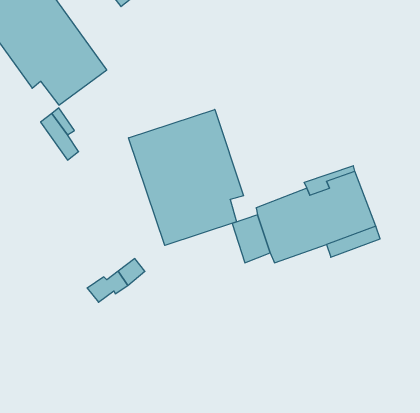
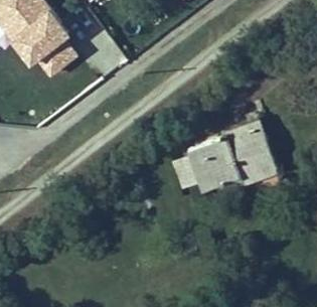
building: [129,109,244,245] -> none

